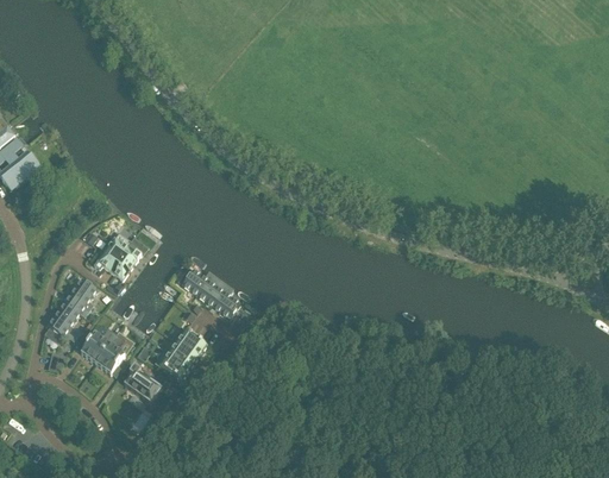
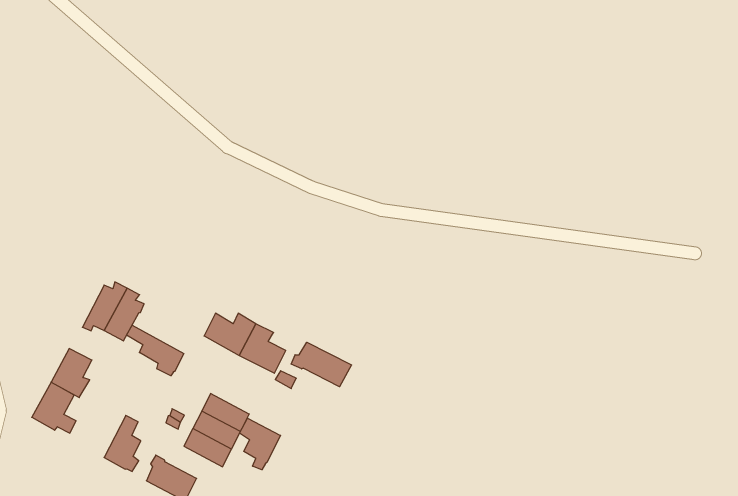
building: none -> [127,325,184,376]
building: none -> [291,342,352,387]
building: [80,327,115,361] -> none
building: none -> [240,418,281,470]

